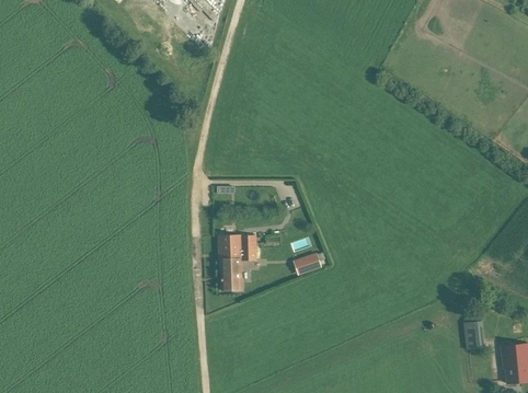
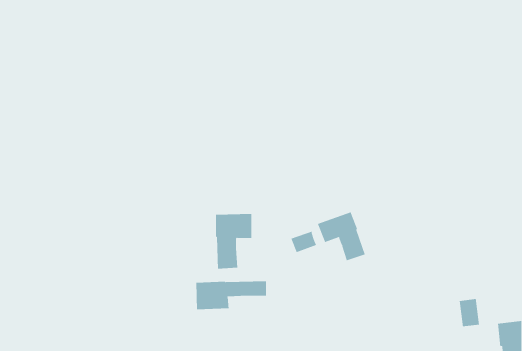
building: none -> [317,212,366,261]
building: none -> [196,280,267,310]

